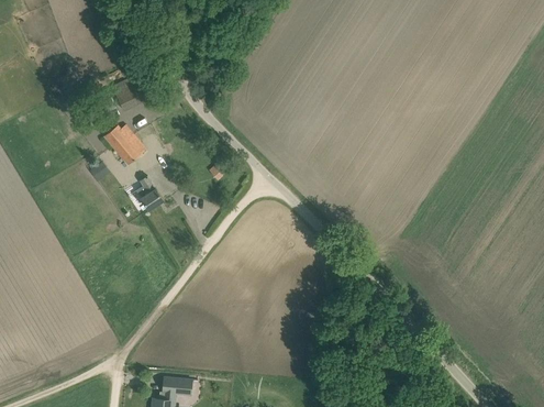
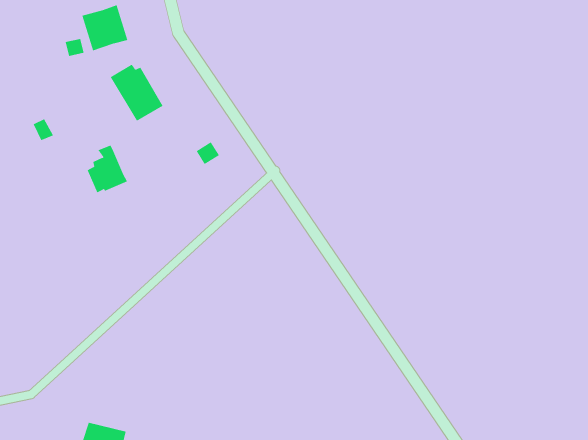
building: [103,124,145,165] -> [110,64,164,121]

